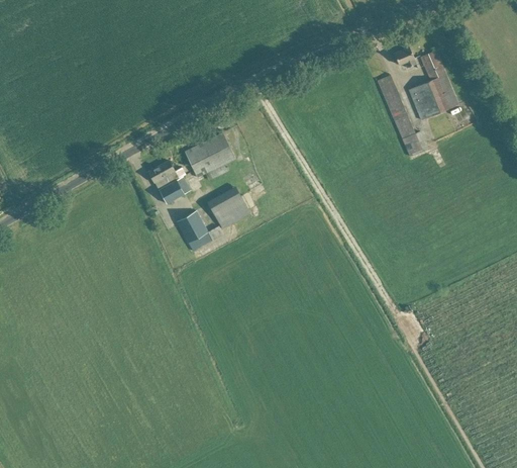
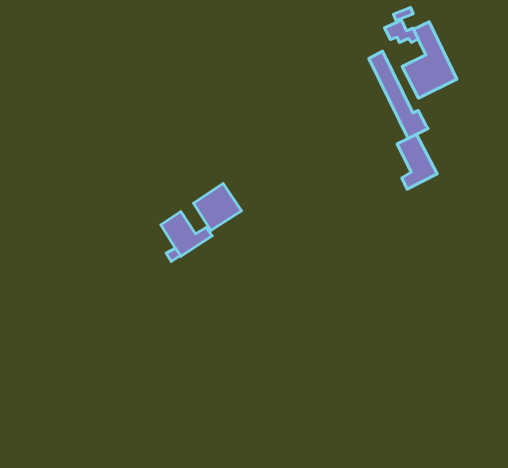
building: [184,131,234,180] -> none
building: none -> [397,134,437,189]
building: [147,160,190,202] -> none

